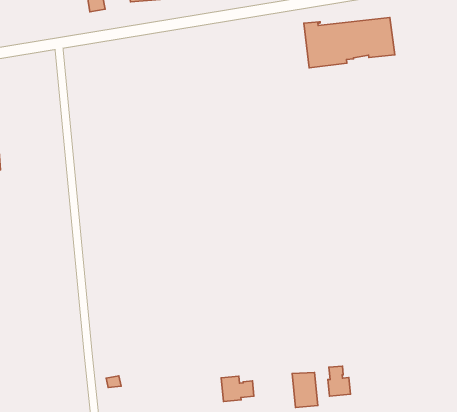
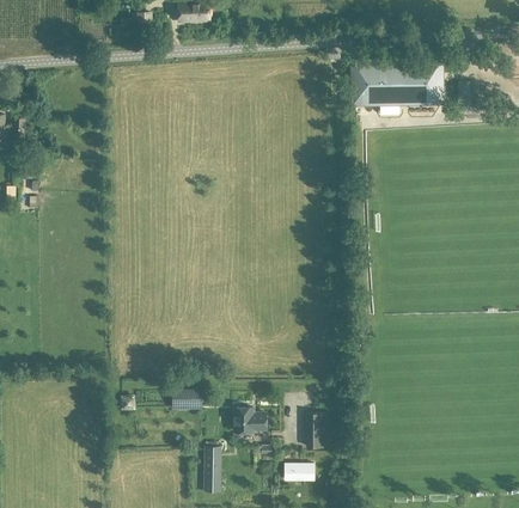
building: none -> [172,391,202,409]
building: [328,366,350,396] -> none

